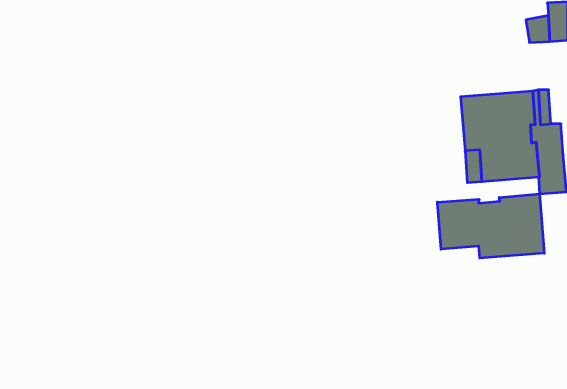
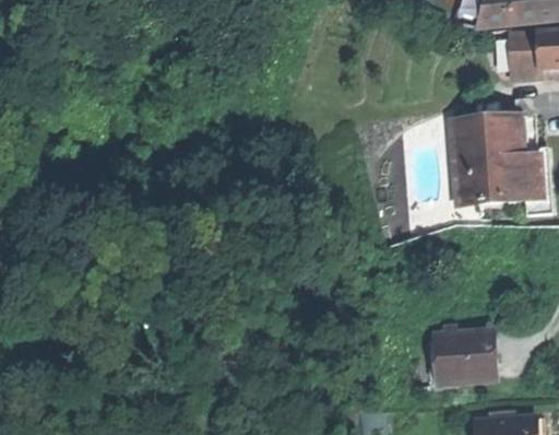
building: [437,194,544,258] -> none
building: none -> [435,328,488,379]

